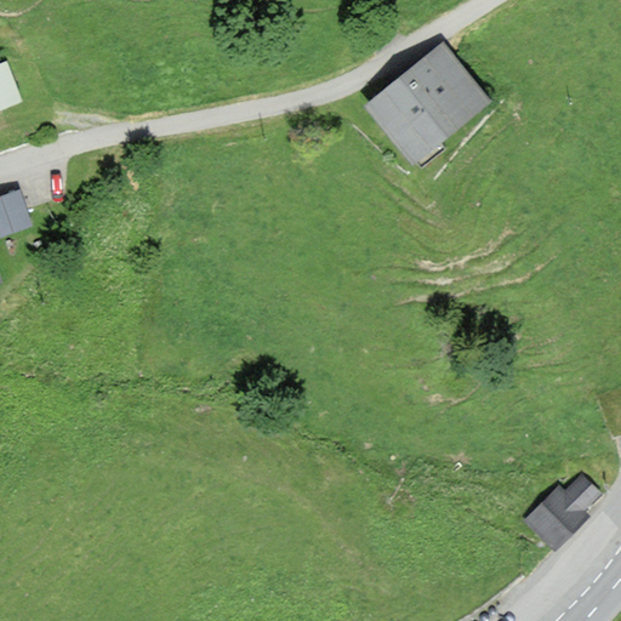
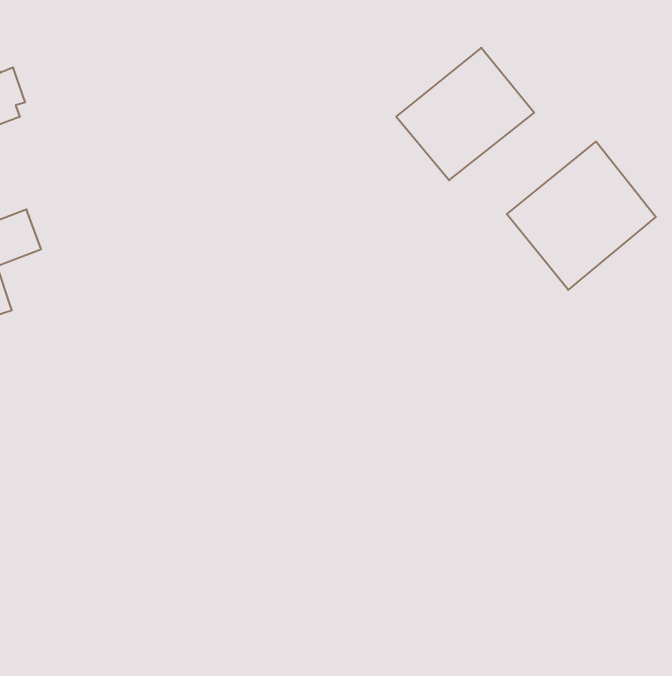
building: none -> [507,142,656,290]
building: [520,473,594,547] -> none

